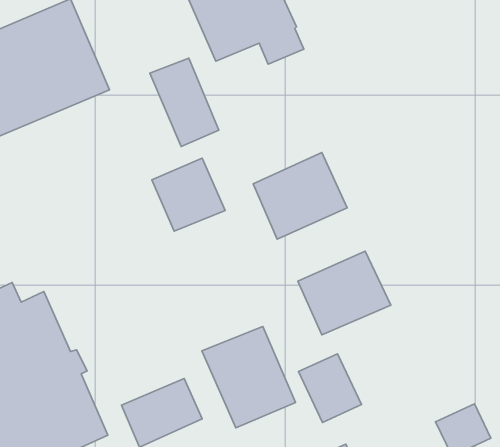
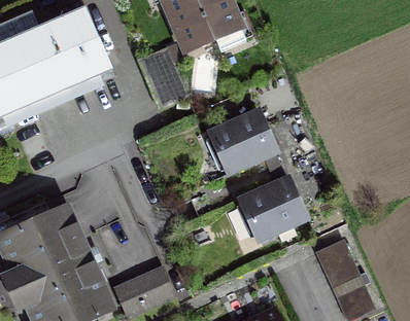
building: [152,158,225,231] -> none
building: [202,326,295,428] -> none
building: [299,354,361,422] -> [316,240,360,287]

